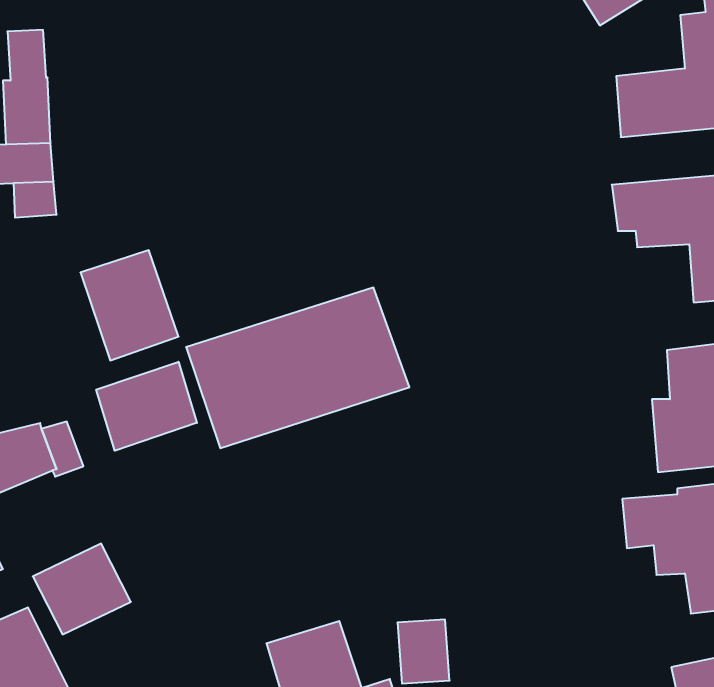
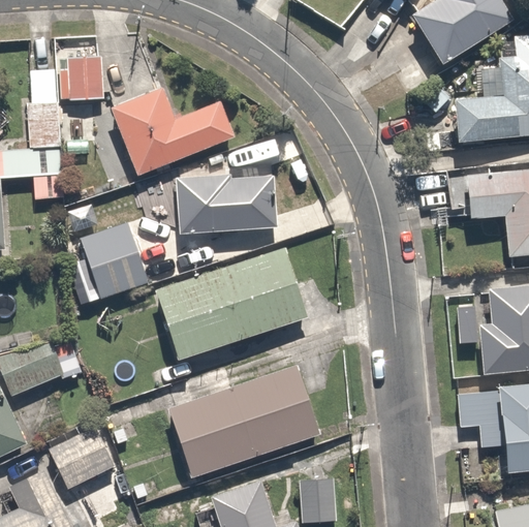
building: none -> [67,57,104,100]
building: none -> [108,87,235,175]
building: none -> [175,165,278,234]
building: [96,362,197,451] -> none
building: none -> [168,364,321,476]

